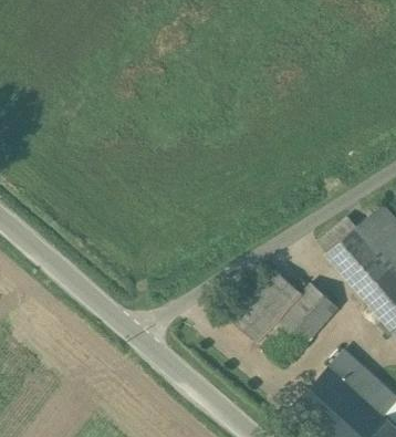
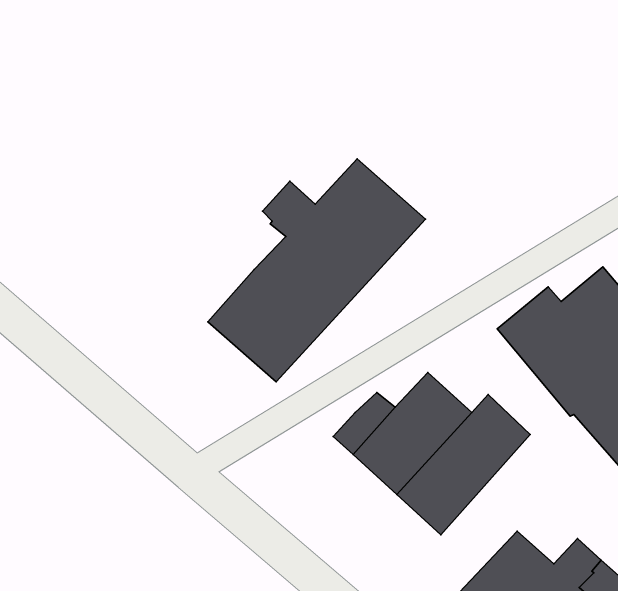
building: none -> [208,159,426,382]
building: [332,351,368,386] -> none

